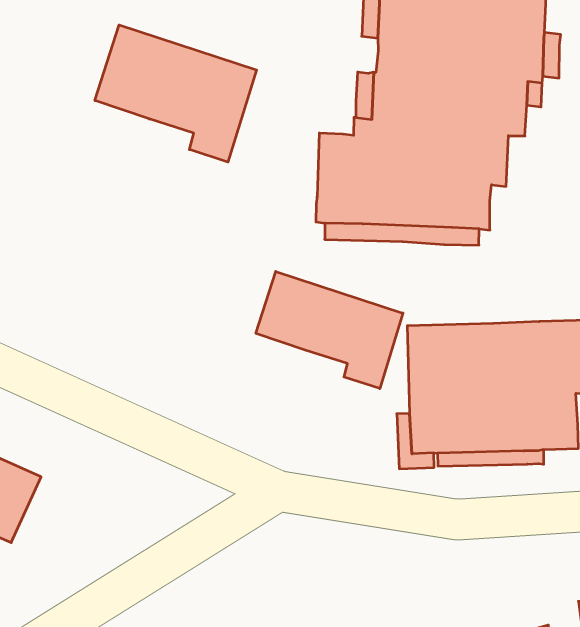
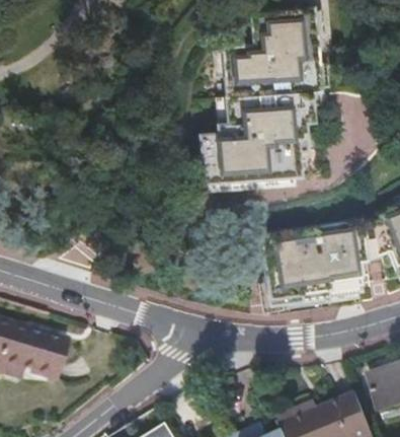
building: [95,25,257,162] -> none
building: [256,271,403,389] -> none

